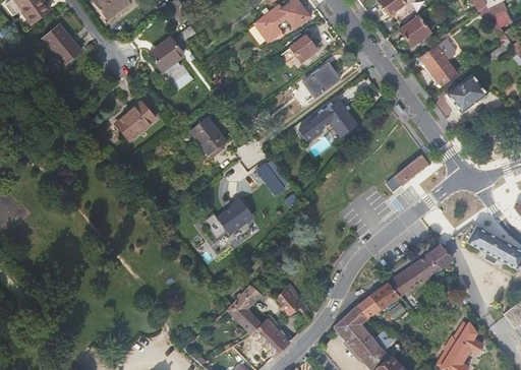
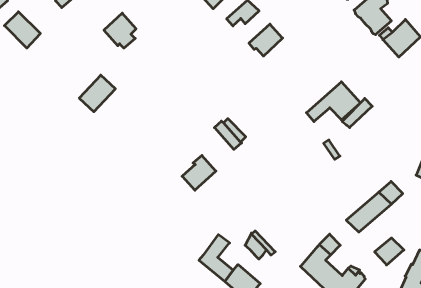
building: [298,101,357,141] -> [306,82,361,122]
building: [190,118,226,156] -> none
building: [368,283,400,311] -> [375,238,404,265]

